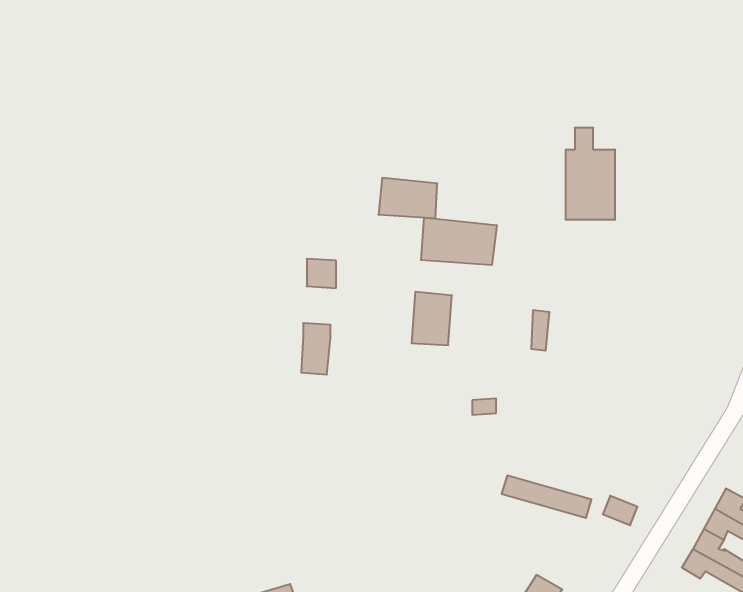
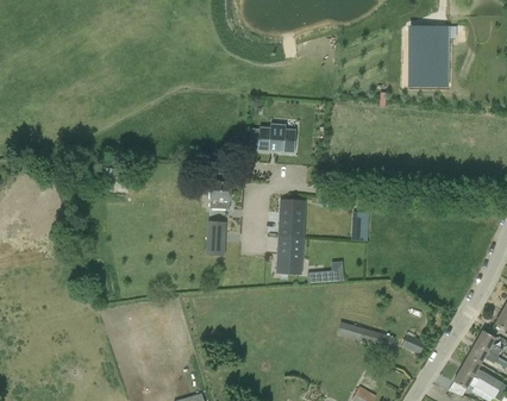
building: [566,128,615,220] -> [412,25,444,84]
building: [421,218,497,265] -> none
building: none -> [277,236,302,270]

